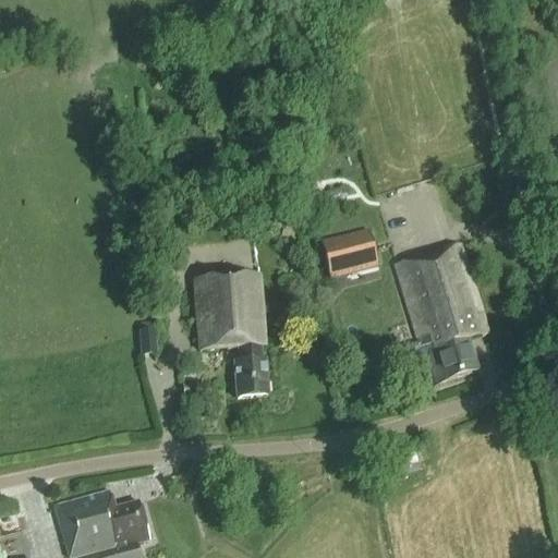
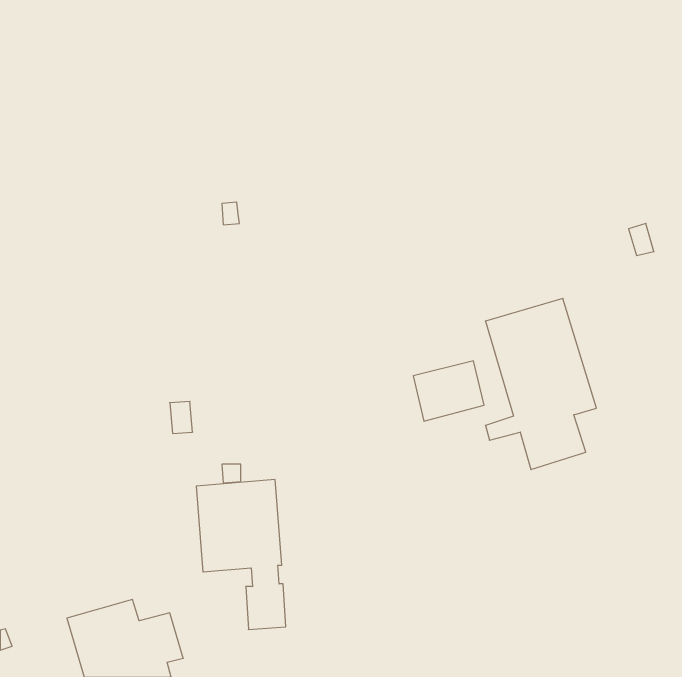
building: [320,228,378,277] -> [413,361,484,421]
building: [195,274,268,396] -> [196,480,286,629]

